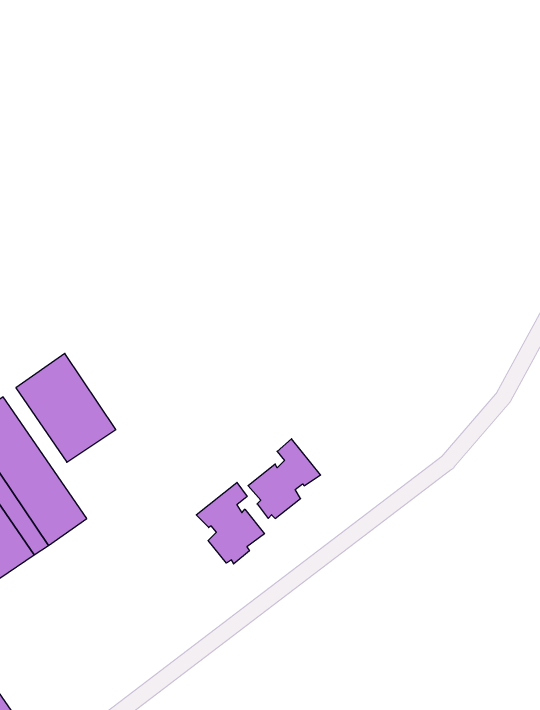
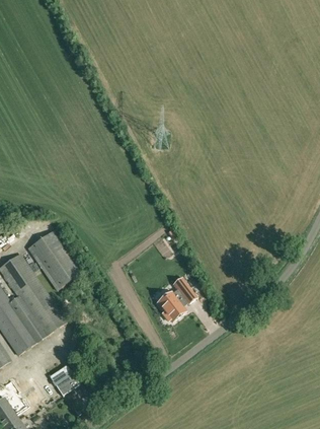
building: [196,482,264,564] -> none
building: none -> [48,364,77,394]

